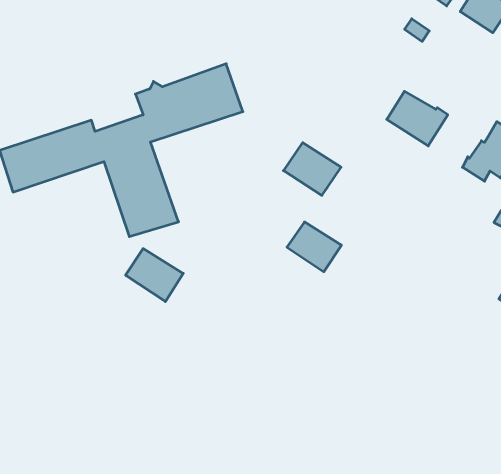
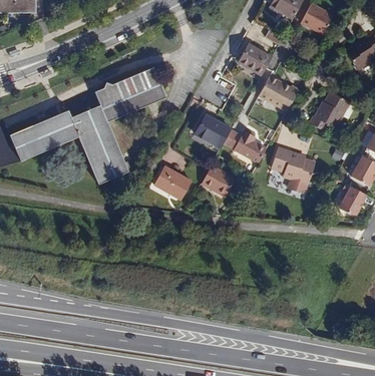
building: none -> [238,44,272,75]
building: none -> [224,128,266,162]
building: none -> [271,147,316,184]
building: [126,249,183,302] -> [154,166,192,200]

